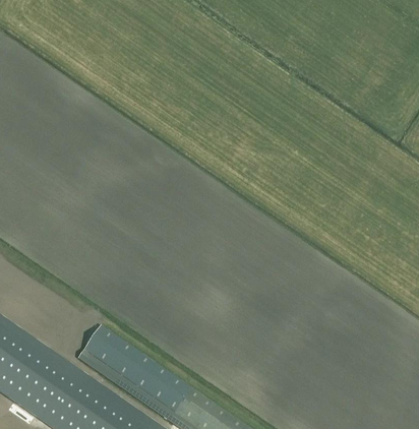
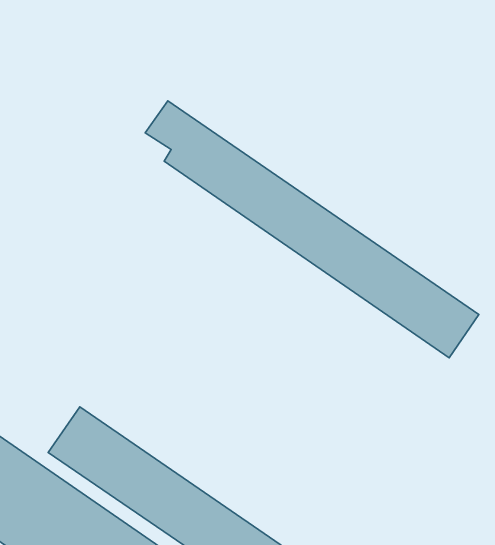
building: none -> [145,101,479,358]

